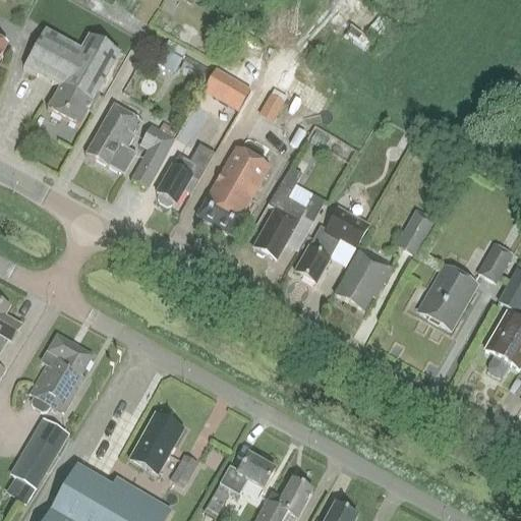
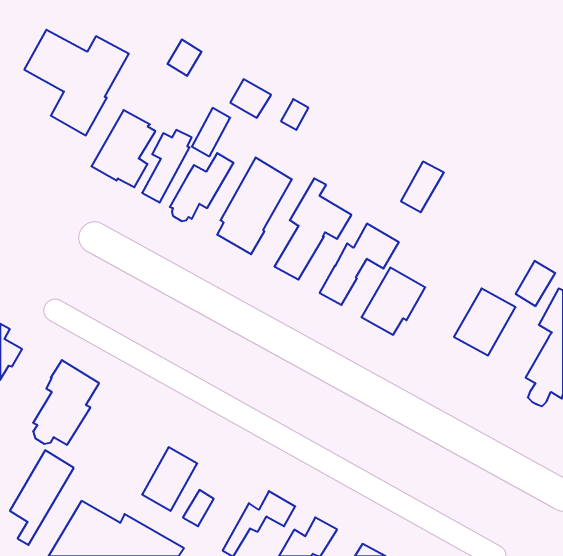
building: [395,208,435,254] -> [401,162,444,212]

